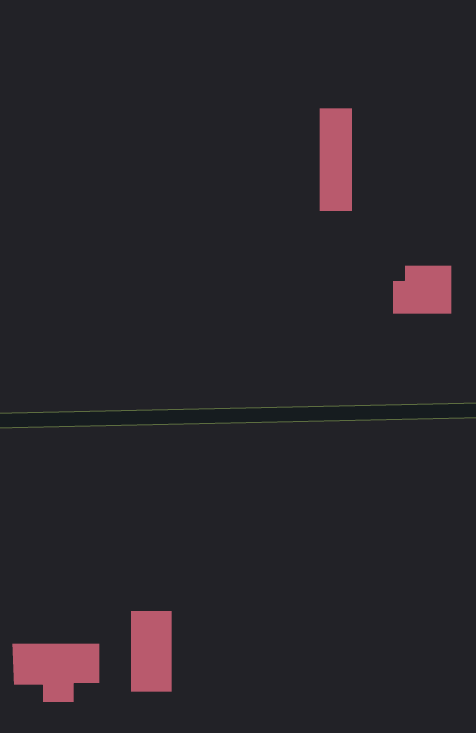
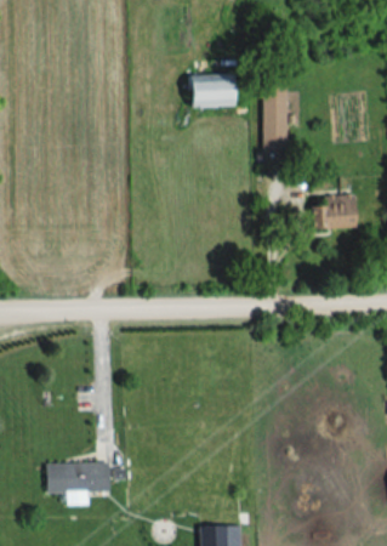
building: none -> [186,74,235,107]
building: [130,610,173,693] -> none

